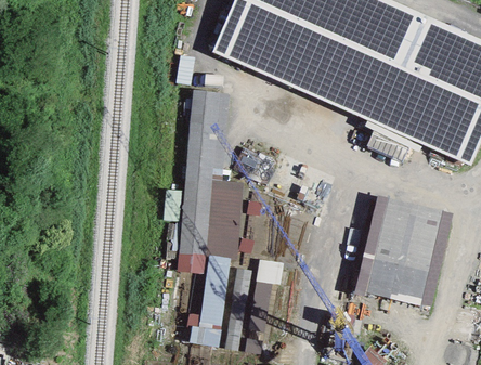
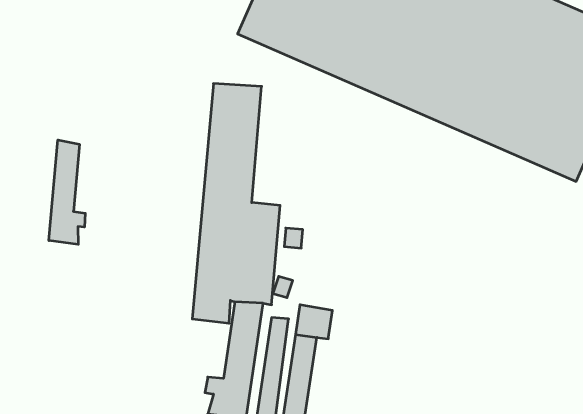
building: none -> [49,140,85,244]
building: [365,198,442,307] -> none

